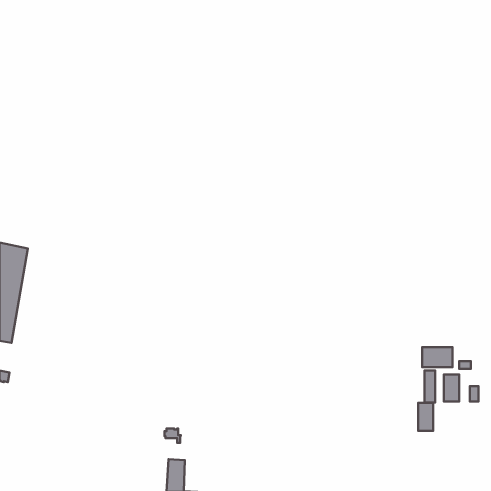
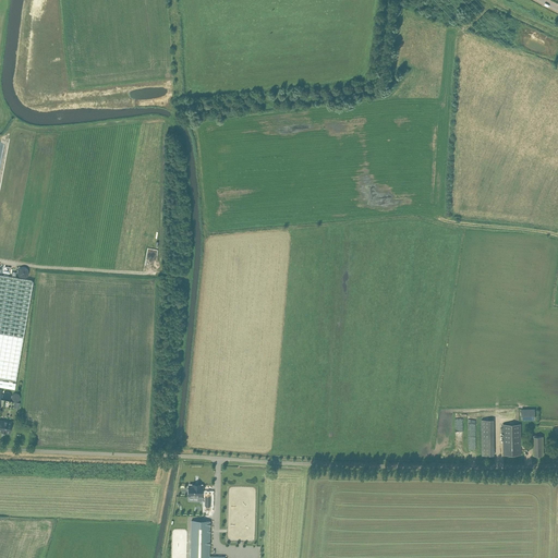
building: [422,347,452,367] -> none
building: [418,403,433,431] -> none

